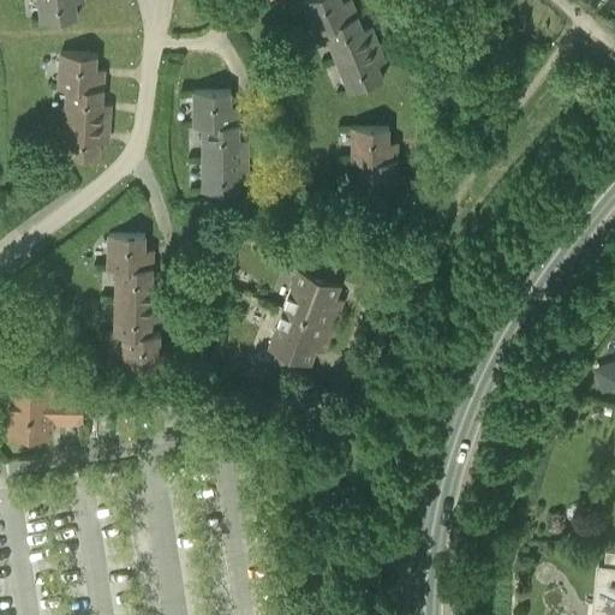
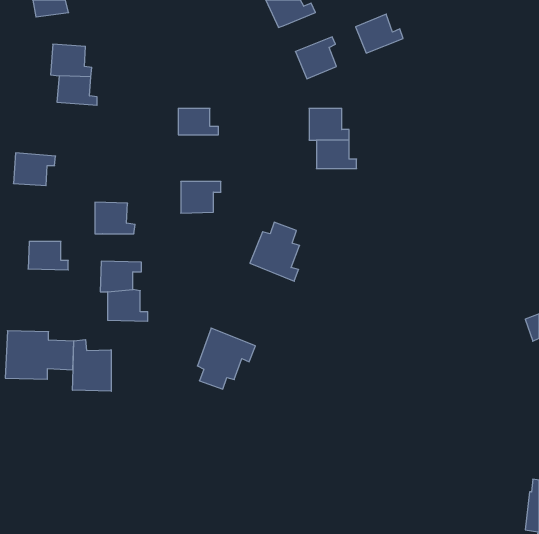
building: [324,19,378,64] -> [356,14,403,53]
building: [193,92,239,129] -> none
building: [62,121,111,159] -> [13,153,56,186]
building: [203,159,249,195] -> [181,182,221,213]
building: [115,271,161,304] -> [28,241,68,270]
building: [269,305,335,375] -> [197,328,255,389]
building: none -> [73,340,111,391]

